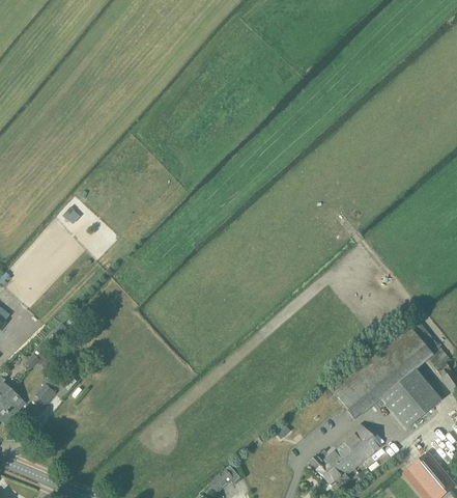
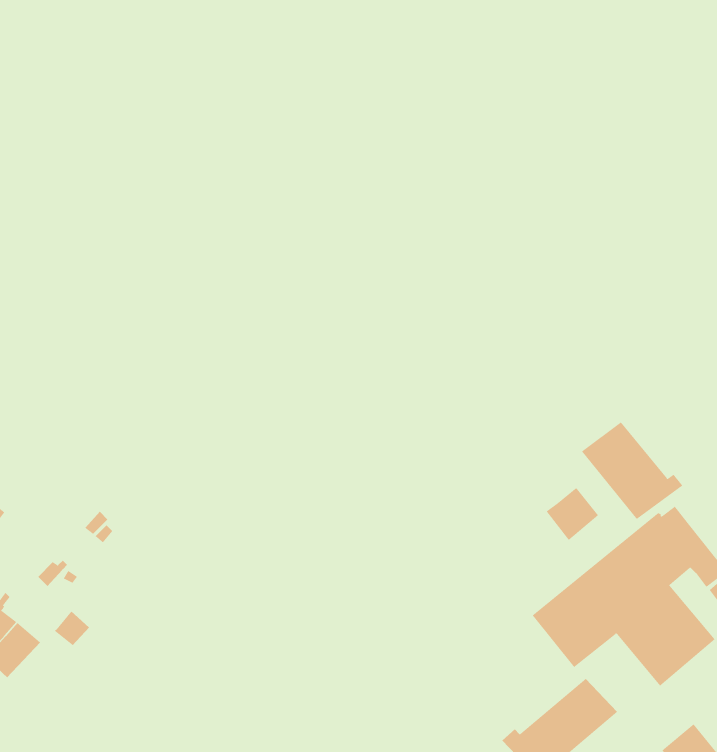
building: none -> [581,422,683,520]
building: none -> [546,487,599,541]

